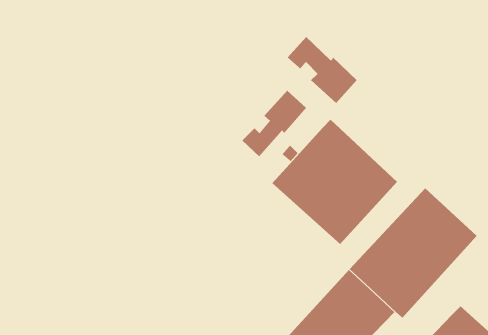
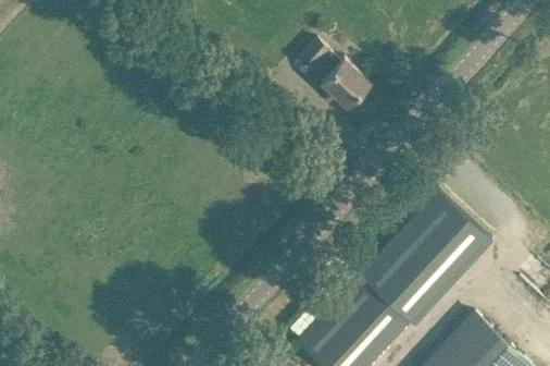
building: [242,90,307,157] -> none
building: [271,119,398,245] -> none

